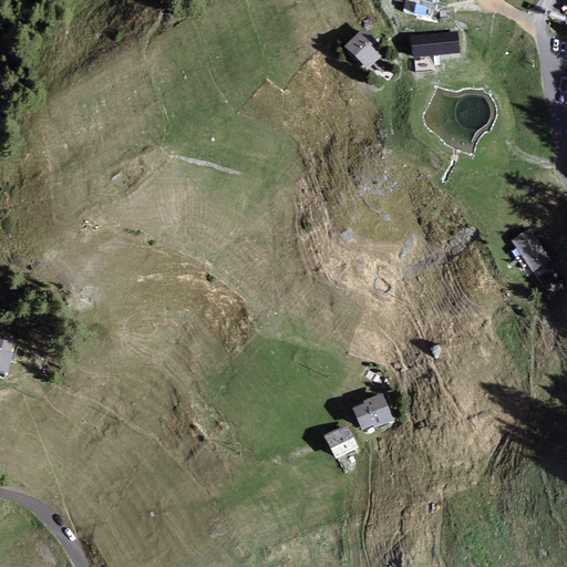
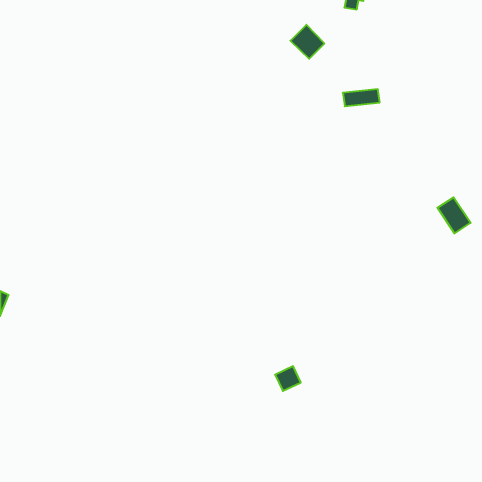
building: [412,34,455,54] -> [343,89,380,106]
building: [351,398,390,430] -> none

